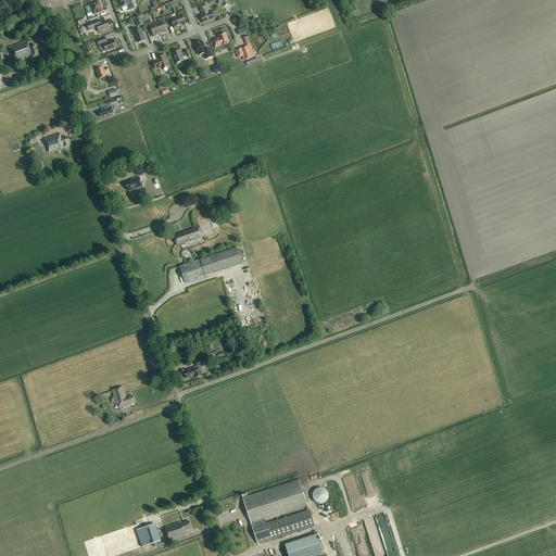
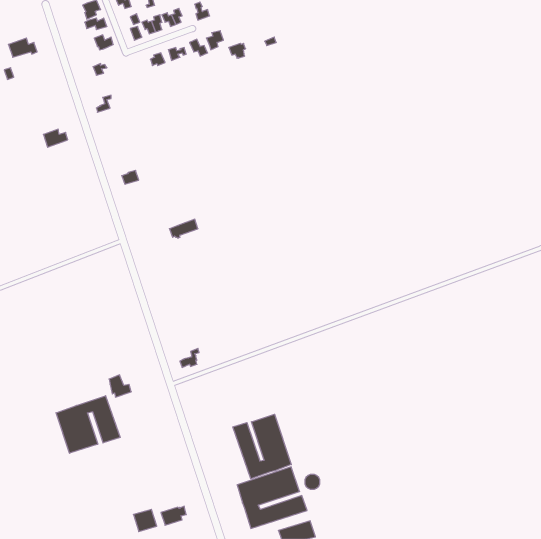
building: [179,245,242,281] -> none
building: none -> [56,396,120,453]
building: none -> [233,414,291,479]

